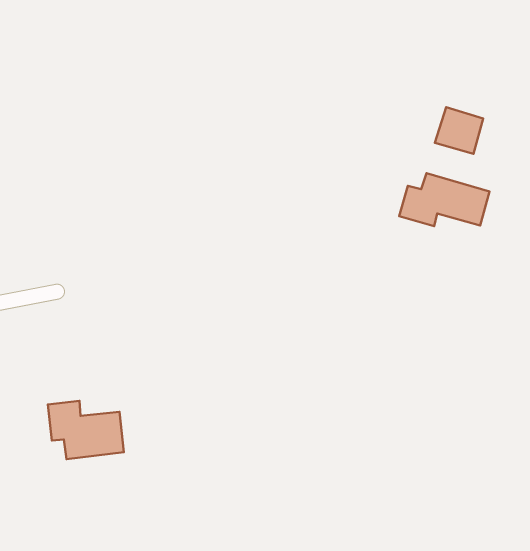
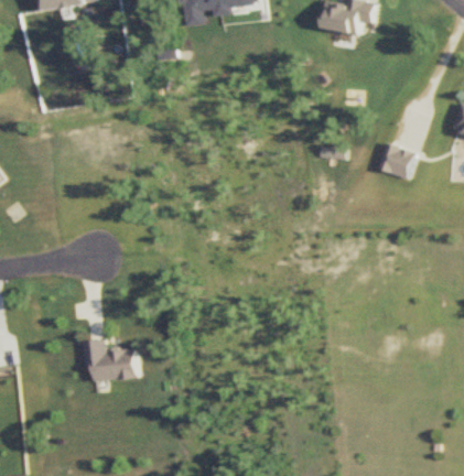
building: [399,173,490,226] -> none

